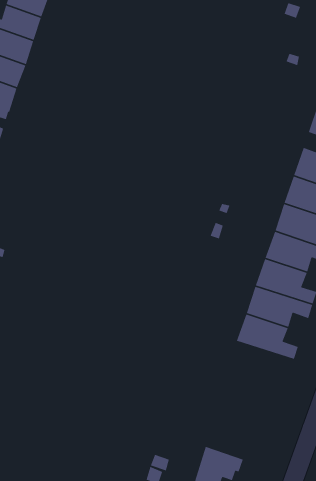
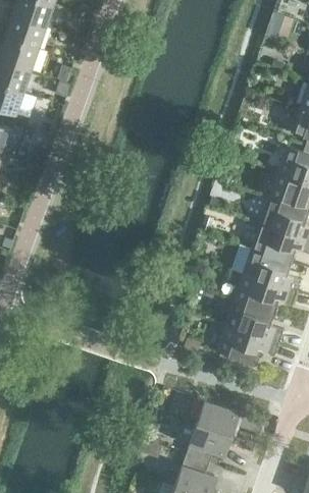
building: none -> [216,325,278,365]
building: none -> [196,400,263,434]

